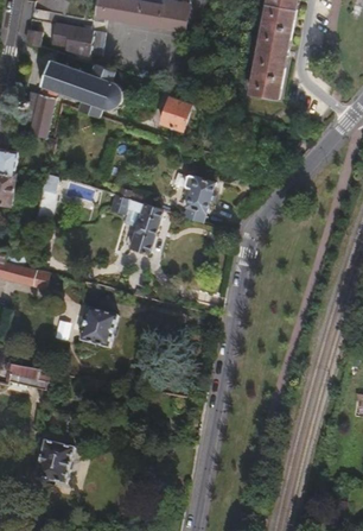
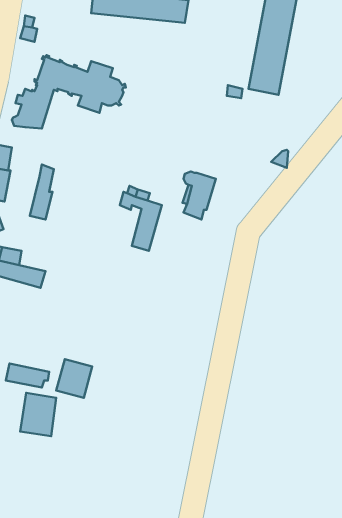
building: [50,25,91,56] -> none
building: [160,97,191,131] -> none
building: [78,308,114,346] -> [56,359,92,398]
building: [36,444,71,487] -> [20,393,56,436]

